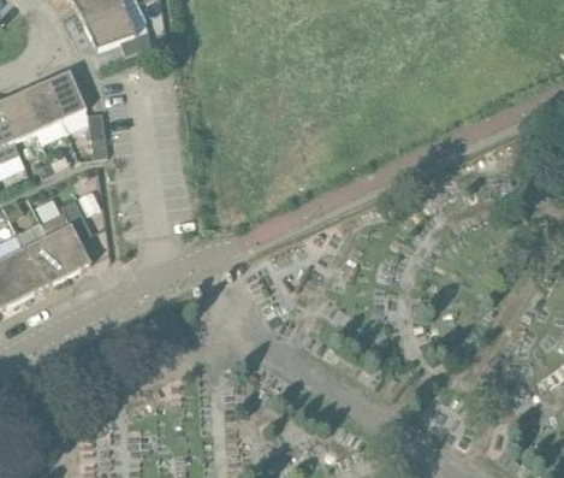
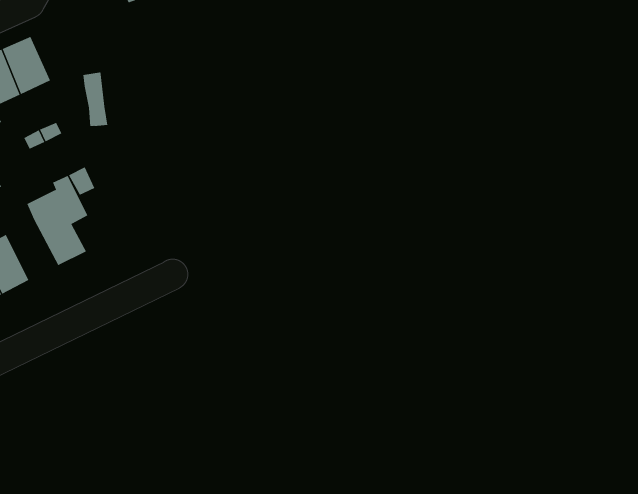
building: [43,69,88,131] -> none
building: [23,234,66,284] -> none

